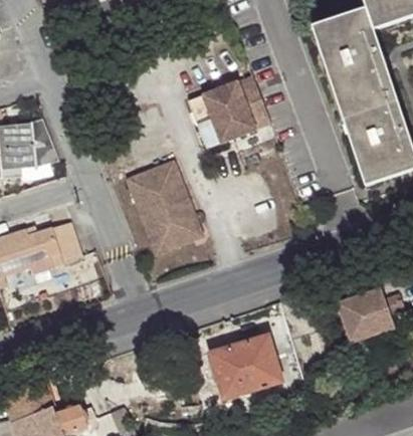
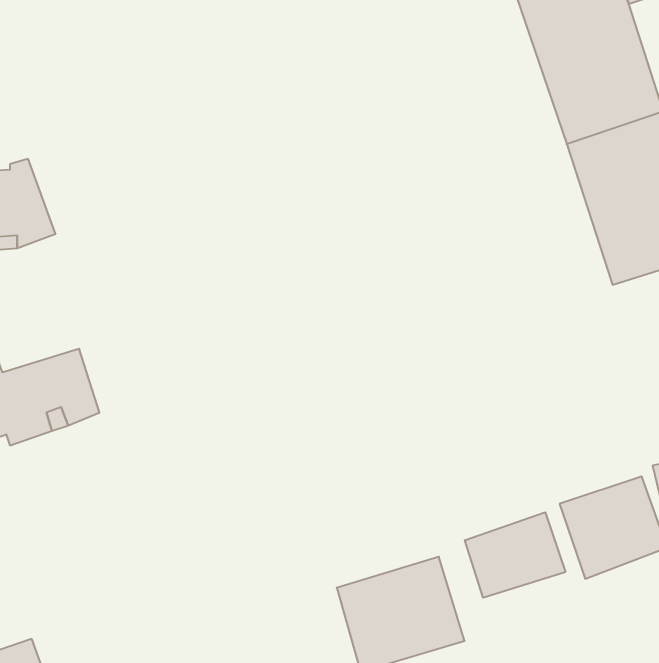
building: [190,74,271,147] -> none
building: [124,158,202,253] -> none
building: none -> [465,512,565,598]

